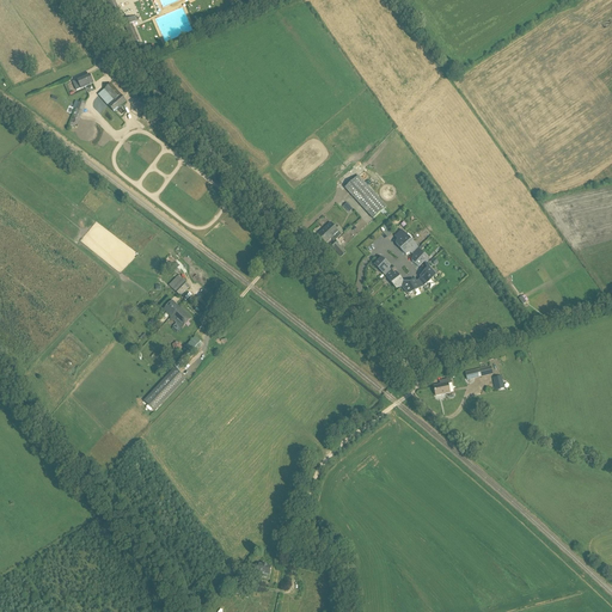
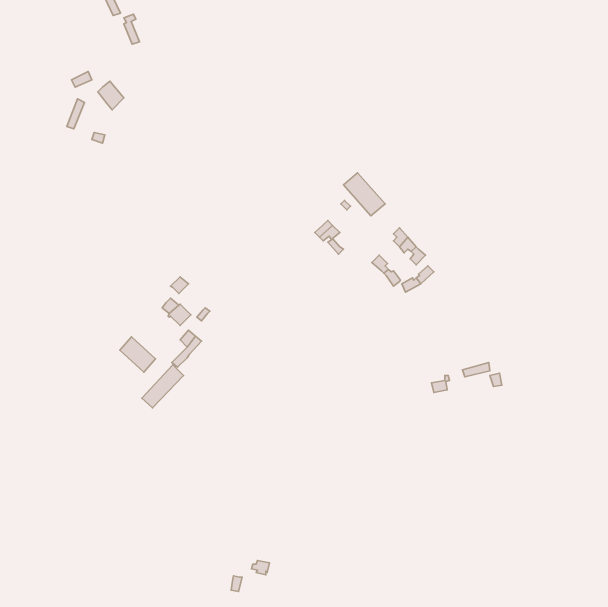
building: none -> [120,337,155,372]

